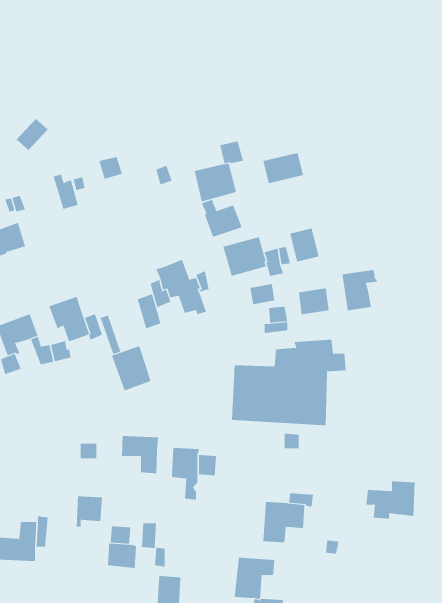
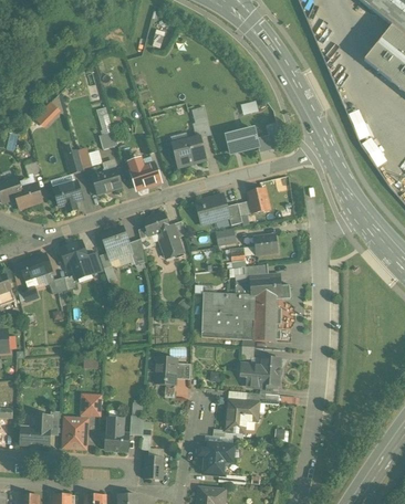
building: [201,199,242,238] -> [128,159,160,189]
building: none -> [92,167,123,195]
building: none -> [53,180,83,211]
building: [342,269,377,311] -> none
building: [111,345,151,391] -> [101,225,132,261]
building: [122,435,159,474] -> none
building: [366,481,416,519] -> [241,357,280,387]
building: none -> [63,418,86,448]

